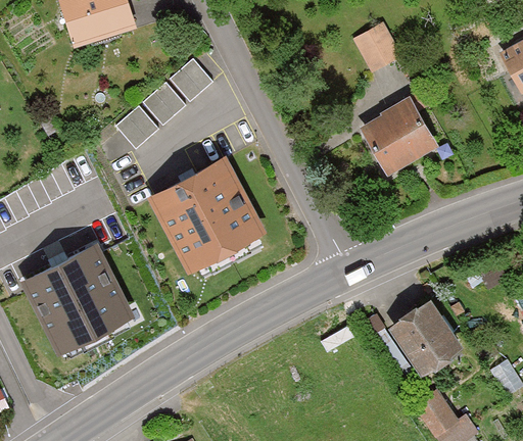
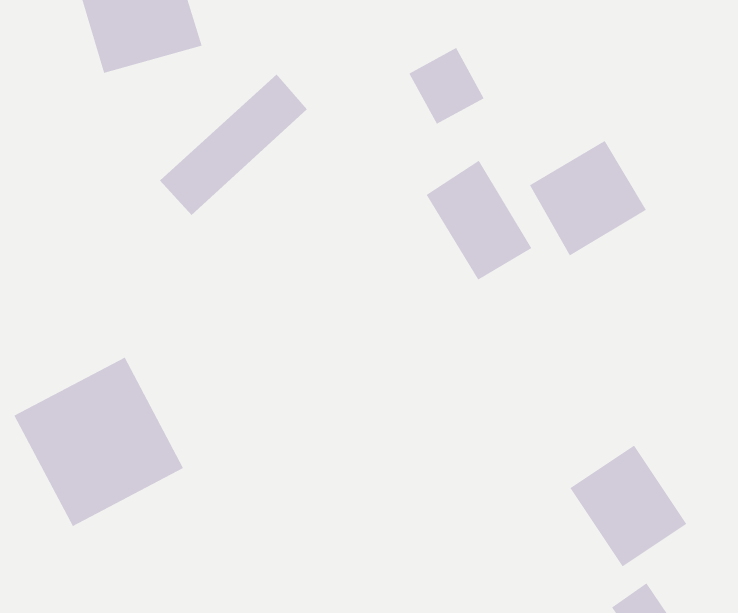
building: [351,23,401,75] -> [408,47,484,125]
building: none -> [426,160,532,281]
building: [153,159,266,274] -> none

